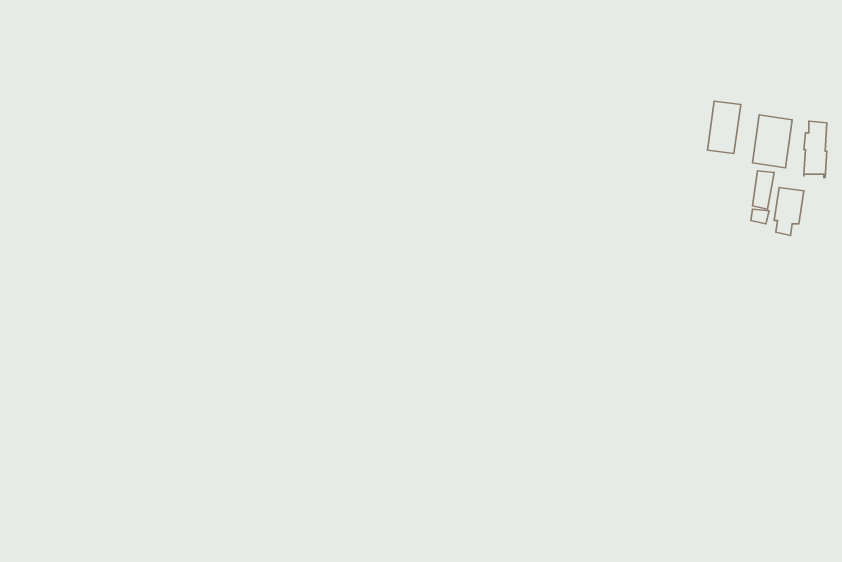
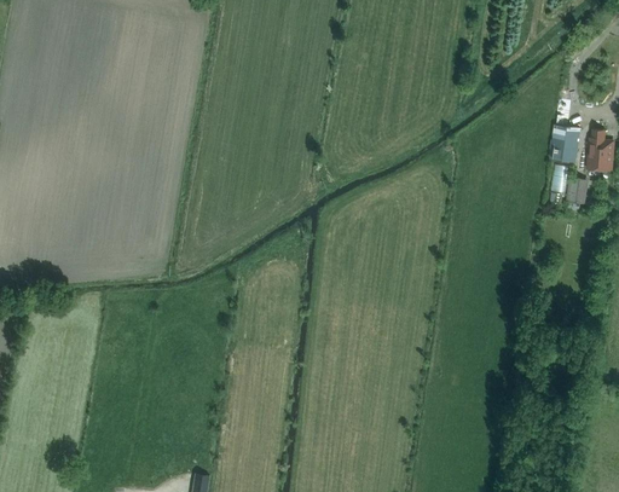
building: [707,101,741,153] -> none

